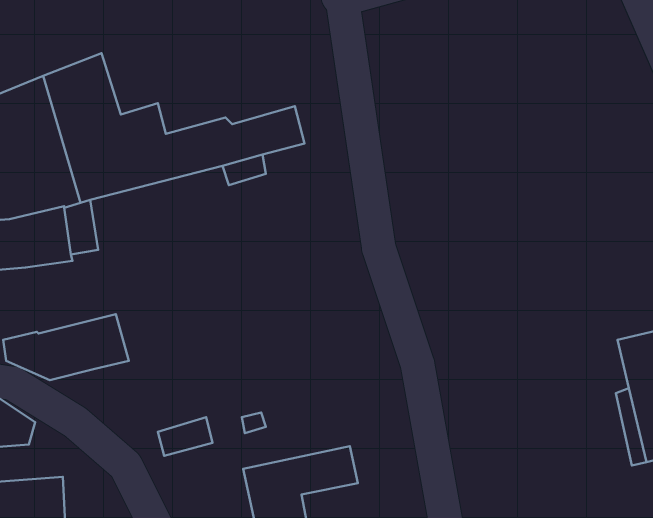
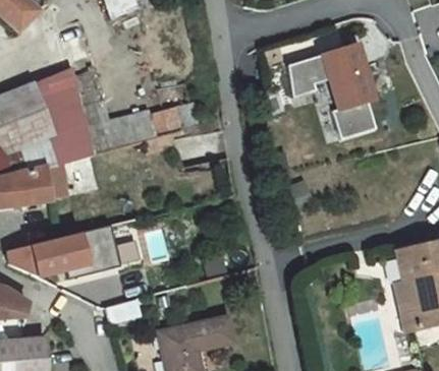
building: none -> [285,45,374,139]
building: none -> [65,224,120,280]

